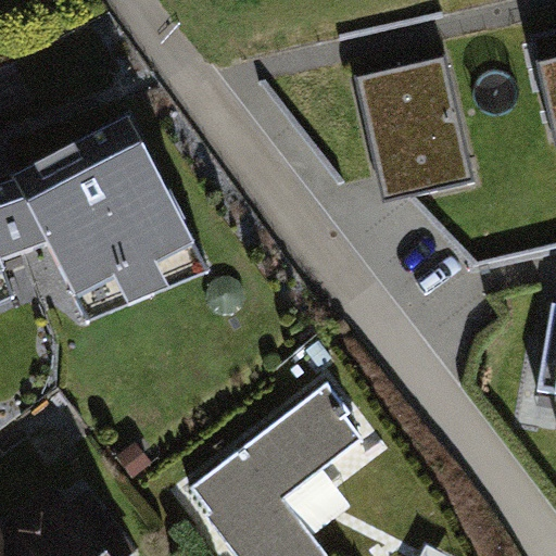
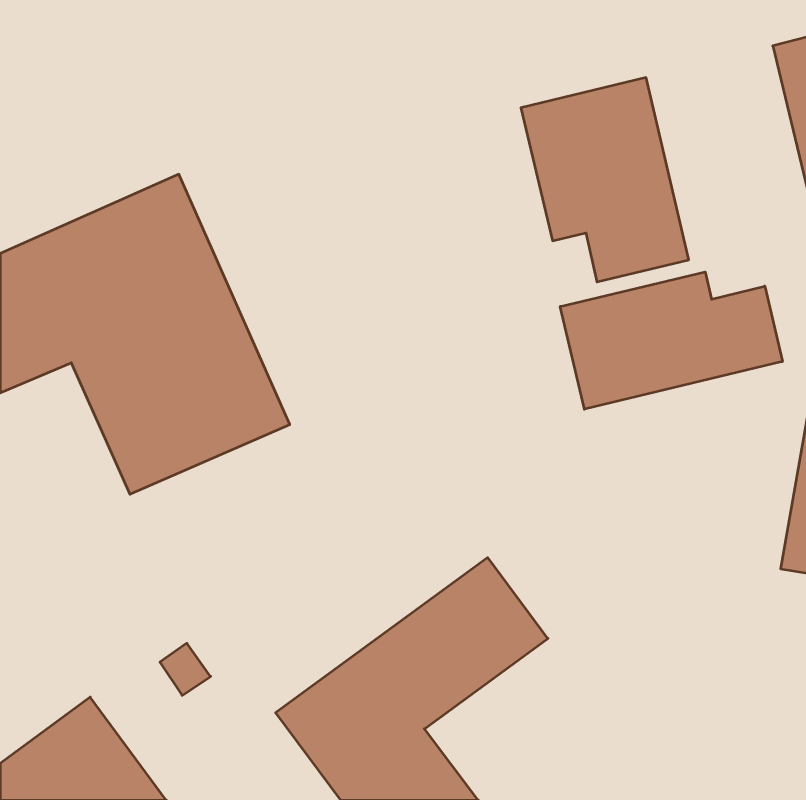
building: none -> [560,272,782,409]

